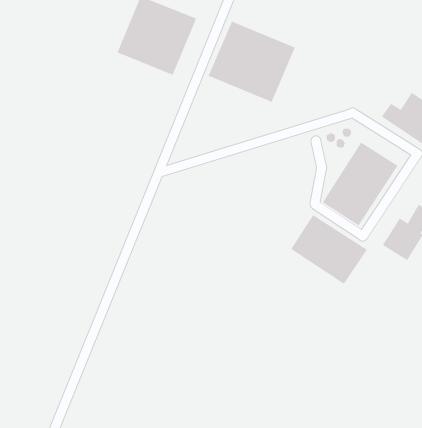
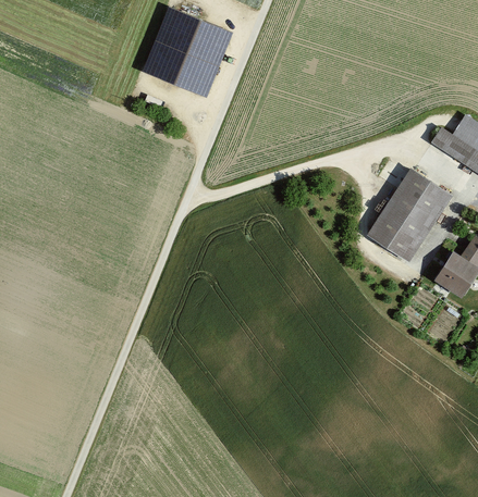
building: [208,20,296,103] -> none
building: [290,214,368,285] -> none

